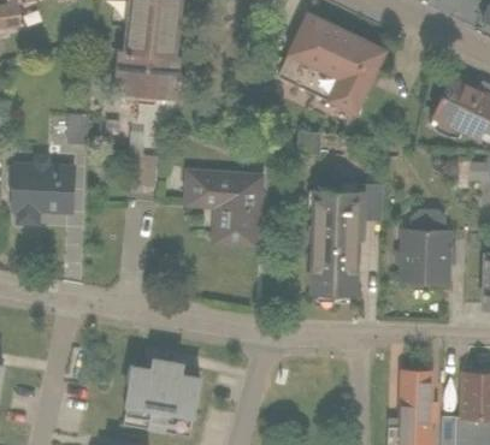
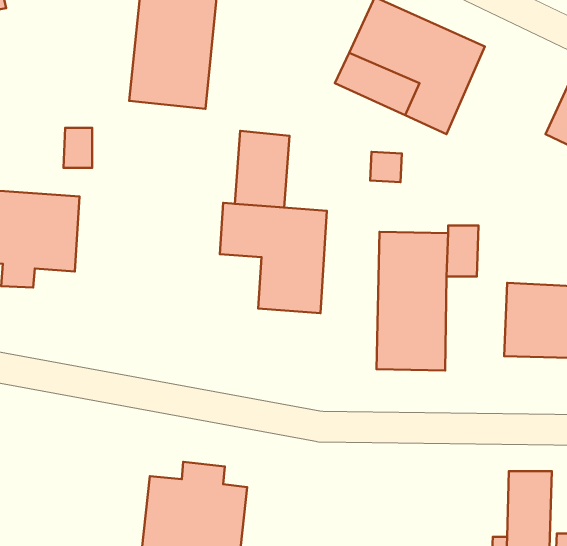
building: none -> [235,131,290,207]

